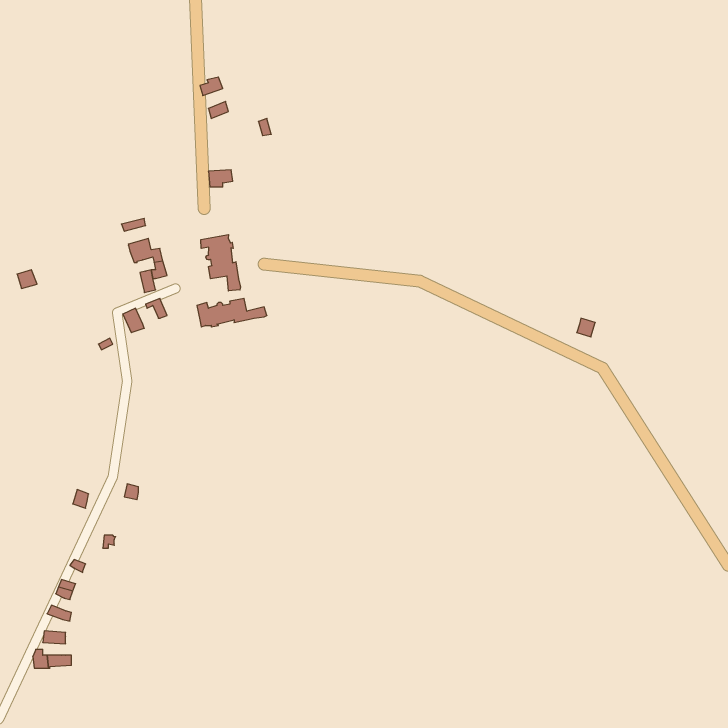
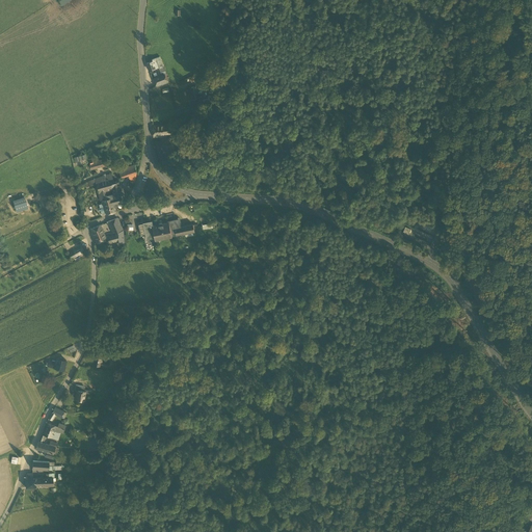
building: [201,235,240,291] -> none

